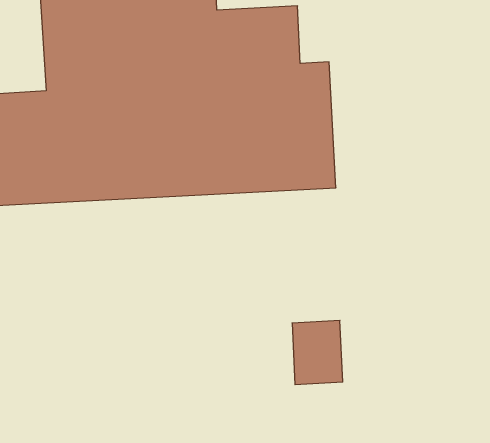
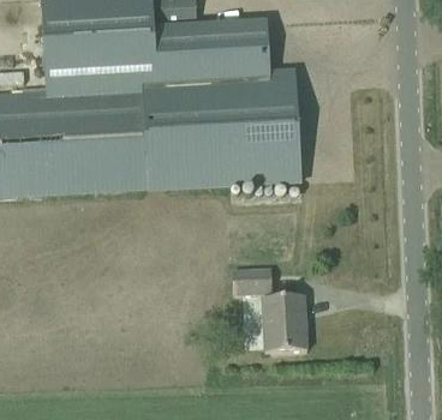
building: none -> [232,266,271,293]

